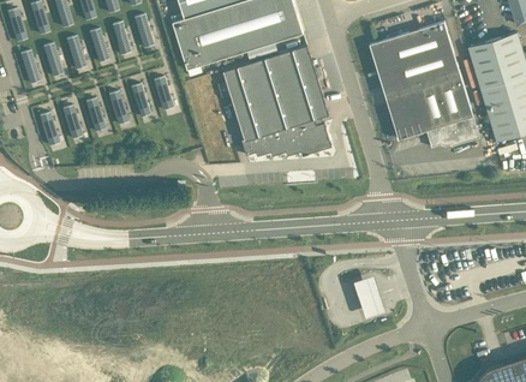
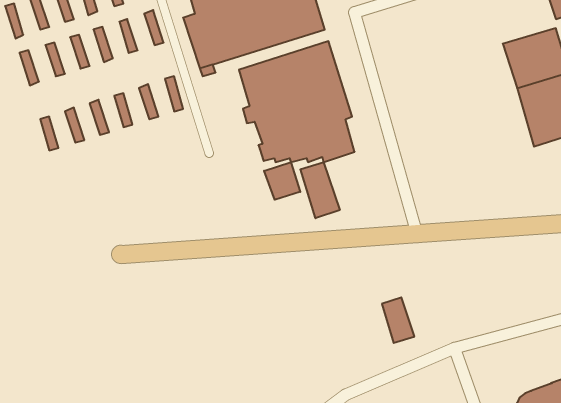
building: [370,22,480,148] -> none
building: none -> [264,162,300,200]
building: none -> [300,162,340,218]

